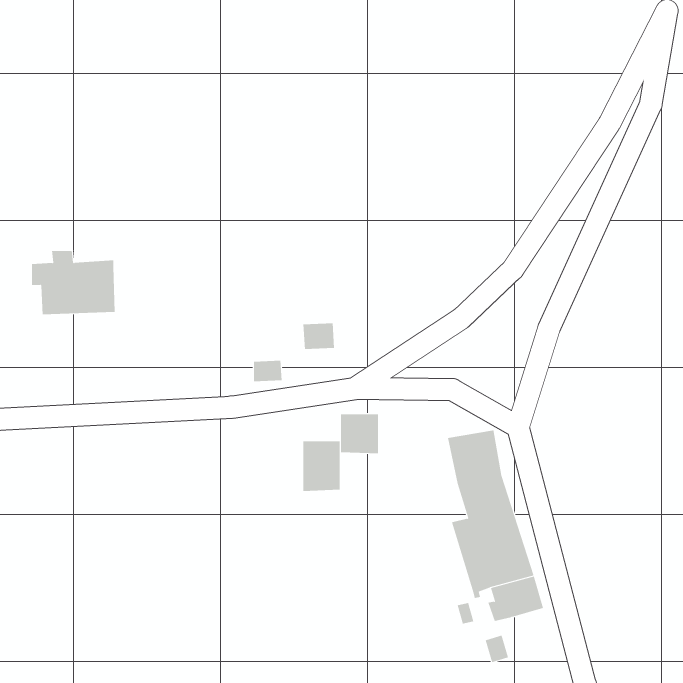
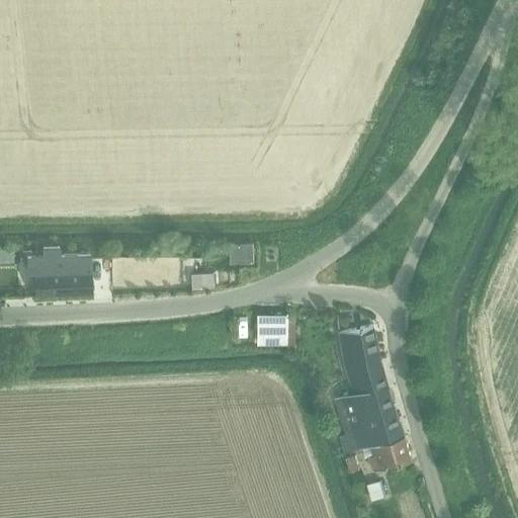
building: [31,251,115,315] -> [26,248,90,296]
building: [303,441,340,492] -> none

